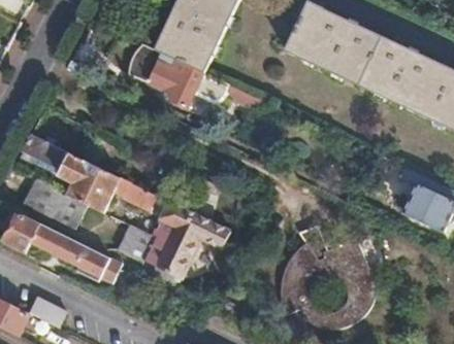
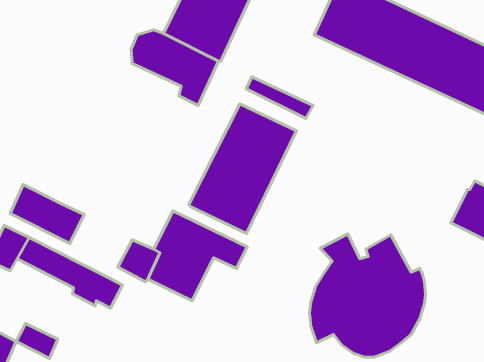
building: none -> [189,104,296,234]
building: [22,134,145,212] -> none

